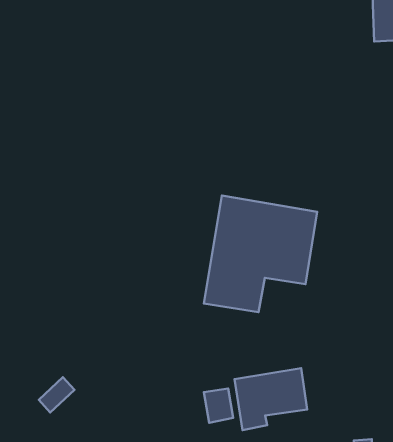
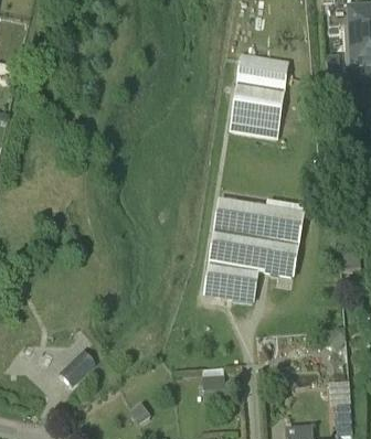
building: none -> [232,54,287,128]
building: [234,368,307,430] -> none

